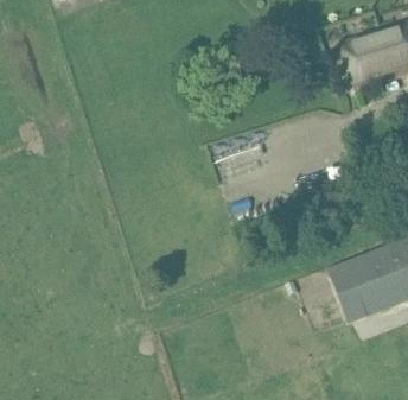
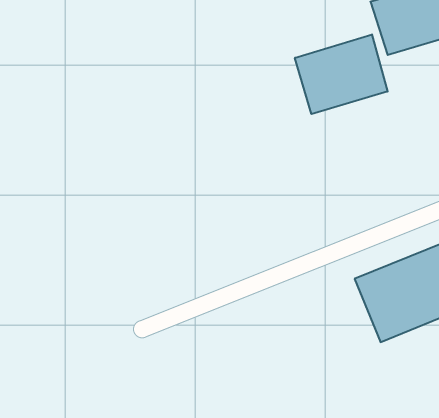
building: none -> [295,34,388,114]

